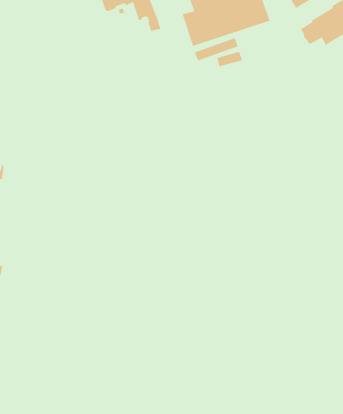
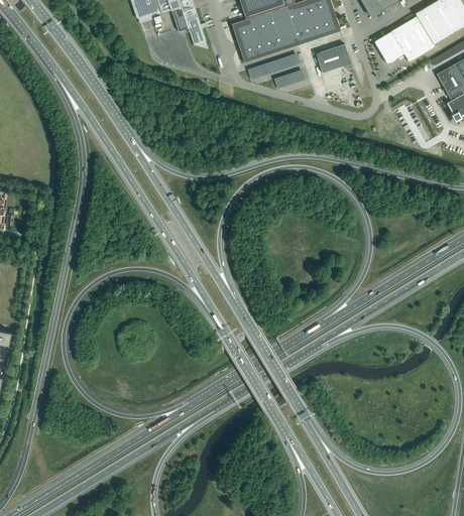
building: none -> [315,43,350,73]

